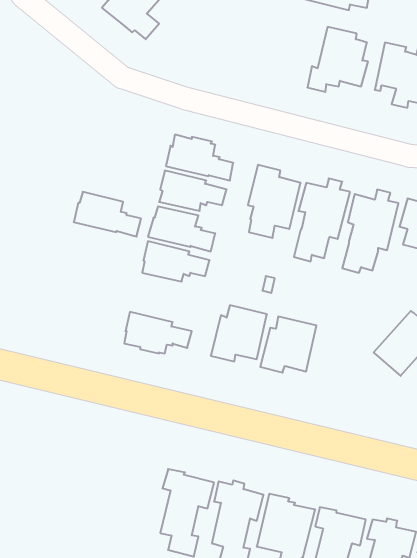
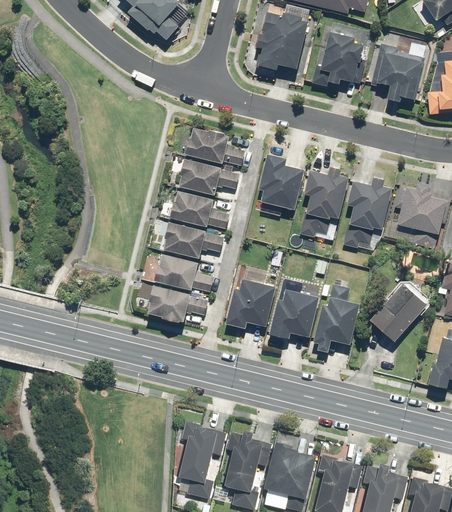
building: none -> [255,11,308,69]
building: [74,192,141,237] -> [154,253,214,293]
building: none -> [313,284,360,352]

